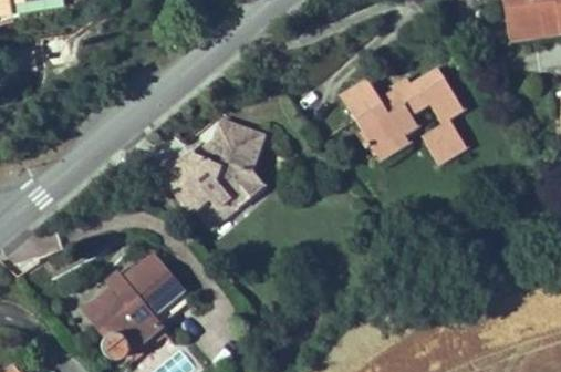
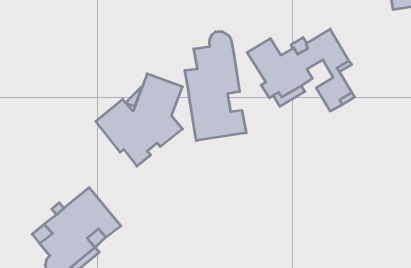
building: none -> [185,31,246,141]

